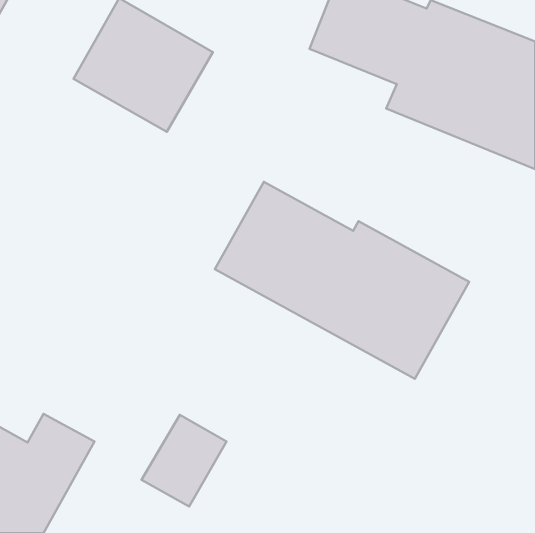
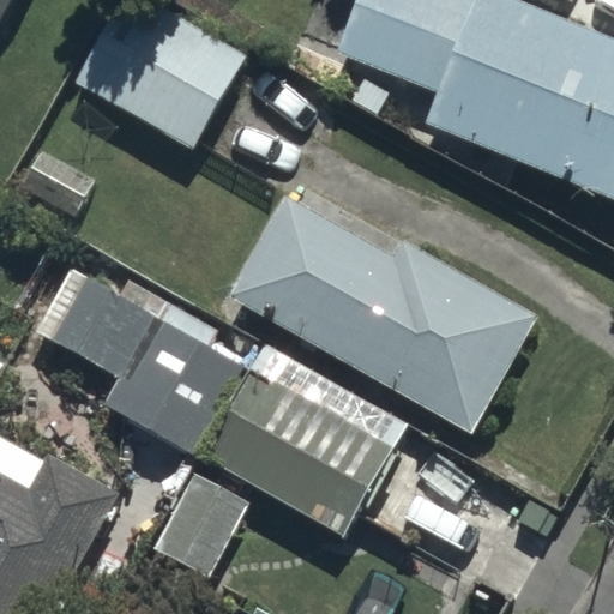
building: none -> [28,264,245,446]
building: none -> [216,369,391,523]

